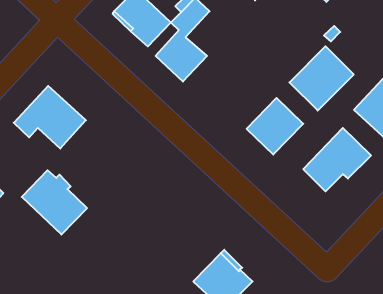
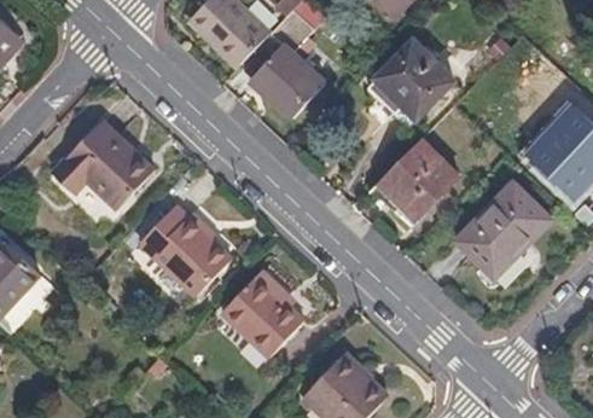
building: [289,46,354,111] -> [361,41,452,132]
building: [22,170,87,235] -> [136,205,228,296]
building: none -> [215,280,297,367]

